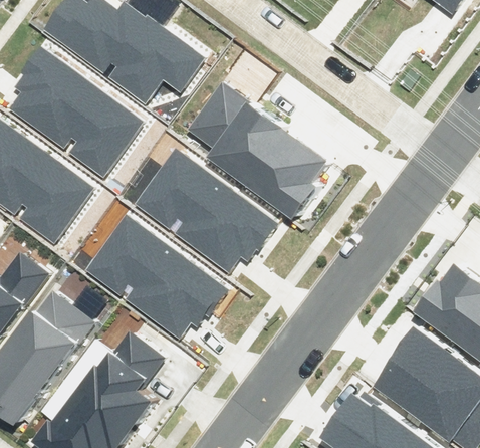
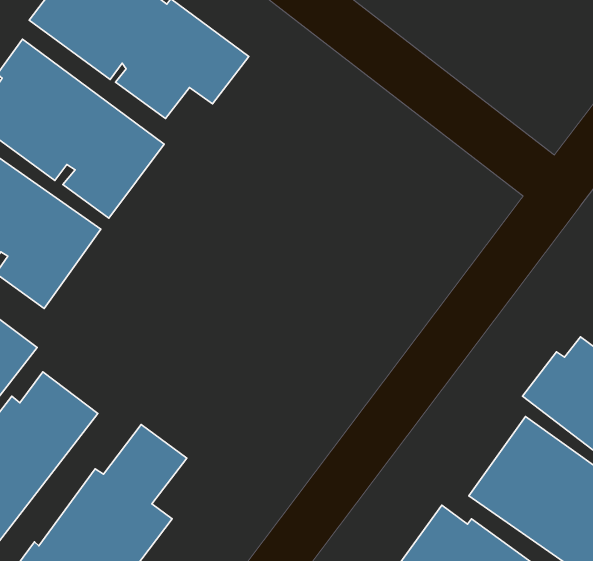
building: [188,82,327,218] -> none
building: [133,148,279,272] -> none
building: [89,218,230,337] -> none

